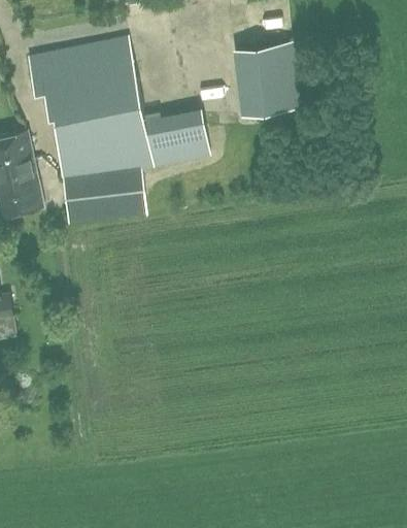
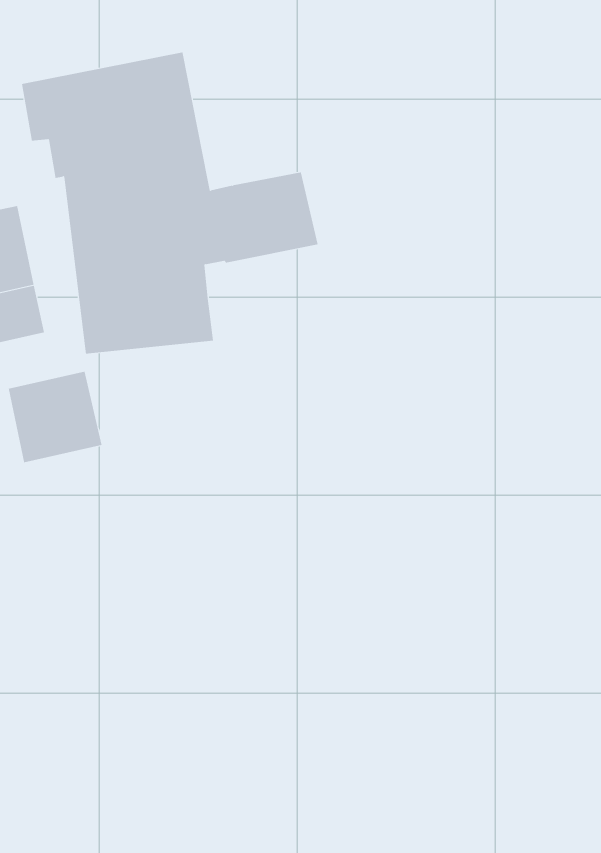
building: [234,45,301,116] -> none
building: none -> [8,371,102,463]

